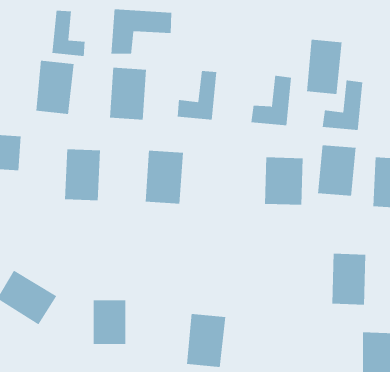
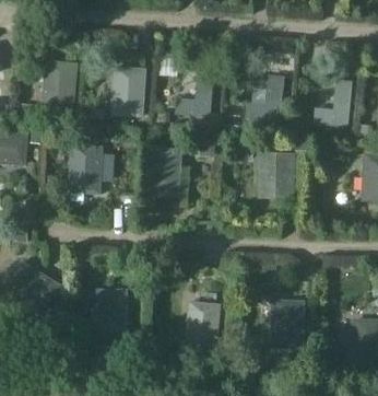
building: [111,8,172,55] -> none
building: [52,10,85,57] -> none
building: [307,39,342,95] -> none
building: [317,144,356,197] -> none
building: [332,253,366,305] -> [271,299,304,348]

